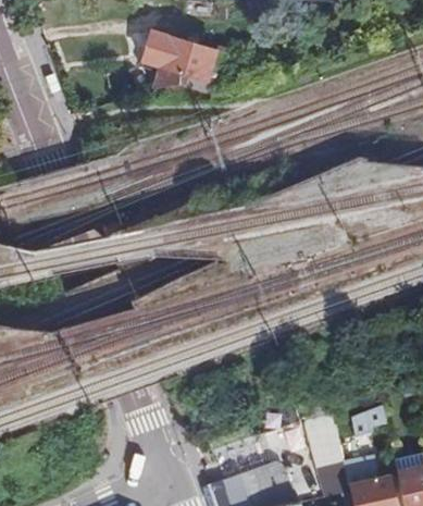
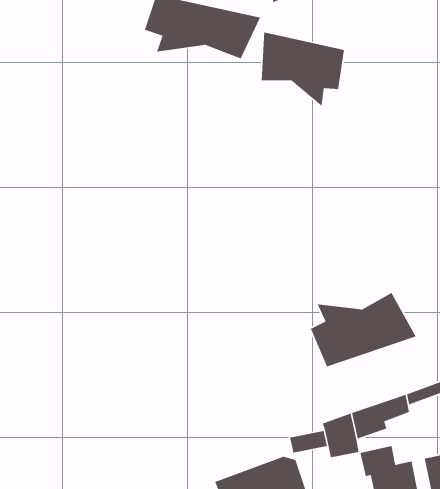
building: none -> [261,31,345,107]
building: none -> [310,292,417,368]

